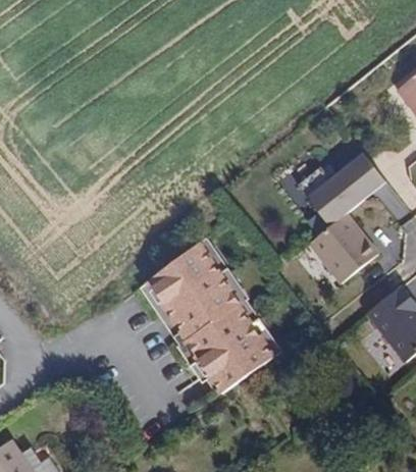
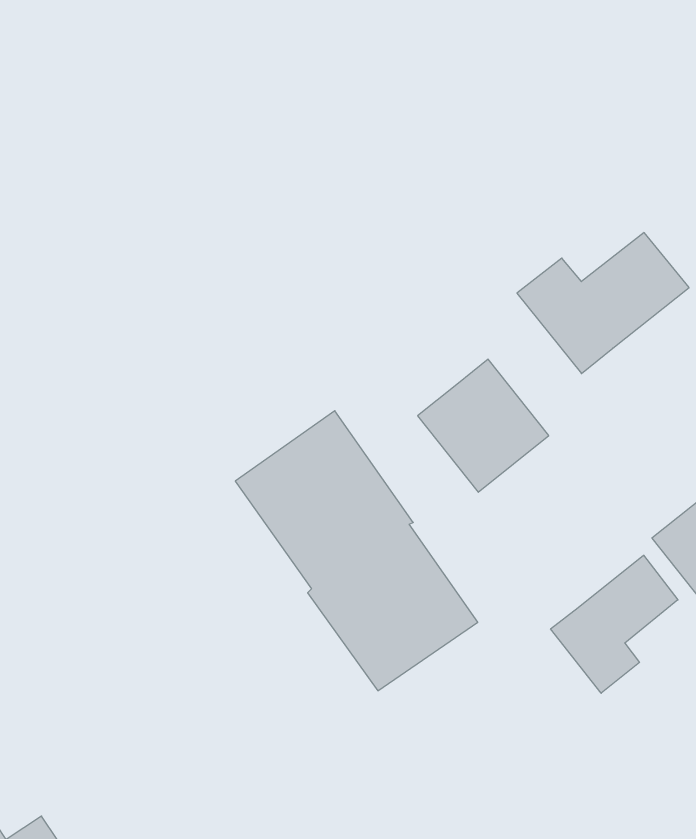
building: [308,213,376,282] -> [418,359,549,492]
building: none -> [551,555,678,693]

